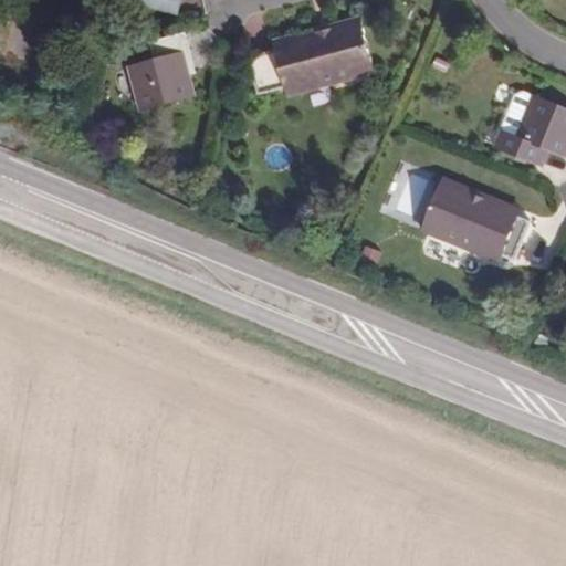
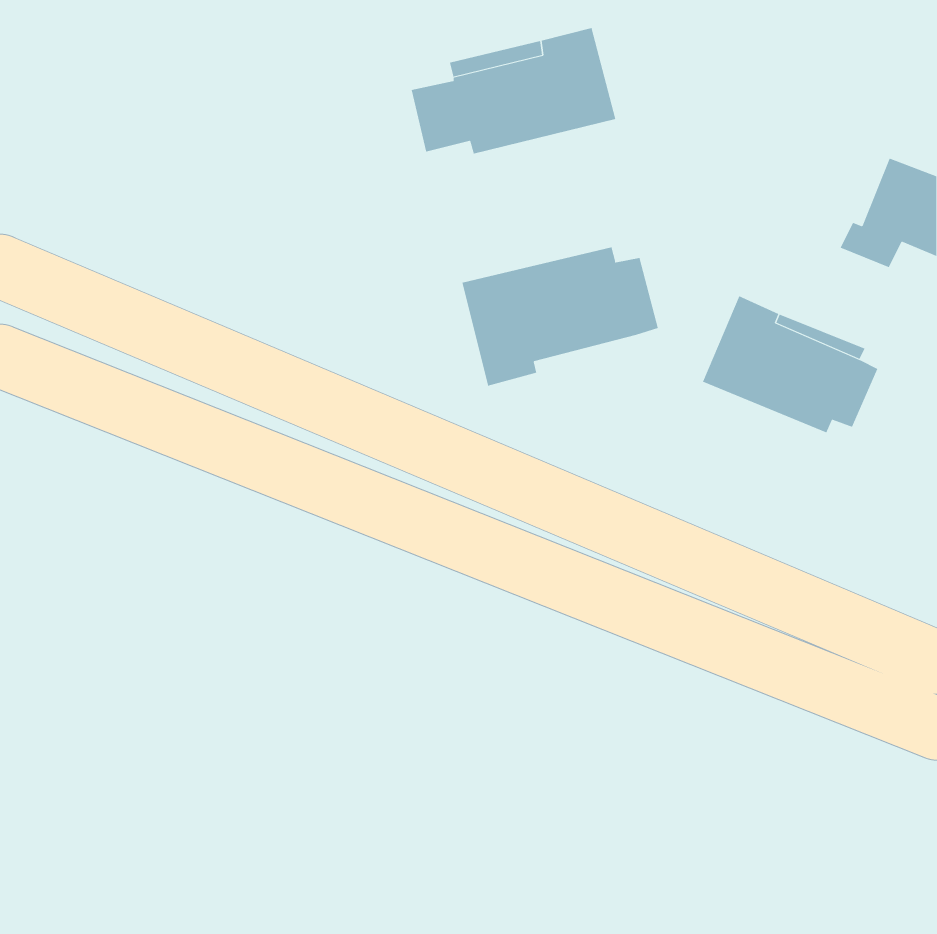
building: [127,33,190,109] -> none
building: none -> [462,246,658,387]

